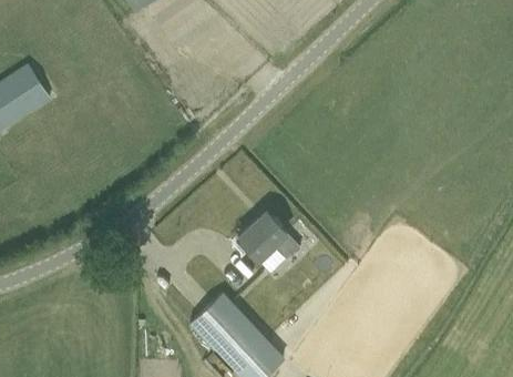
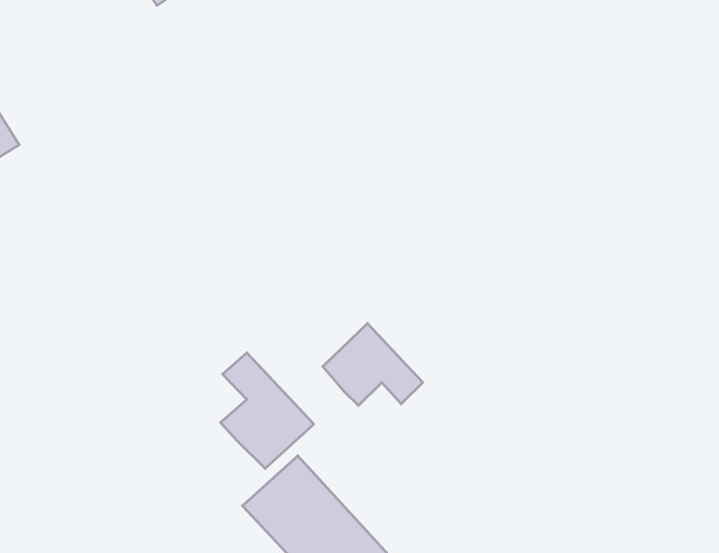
building: none -> [221,353,314,469]

